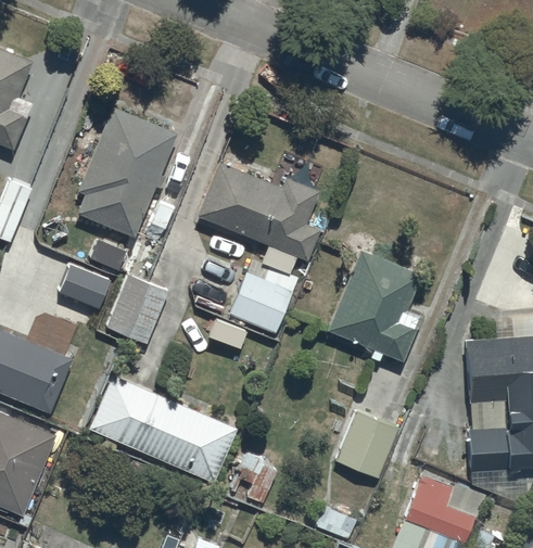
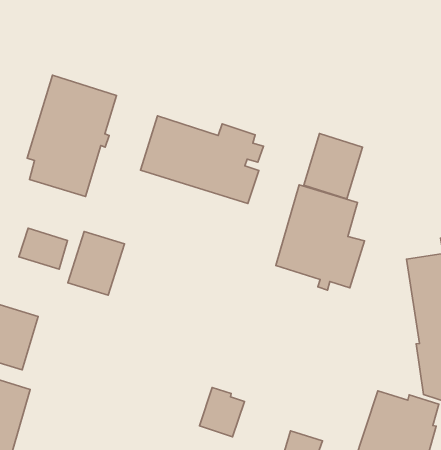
building: none -> [304,134,362,199]
building: [227,264,300,335] -> none
building: [87,373,237,483] -> none
building: [333,410,398,480] -> none

